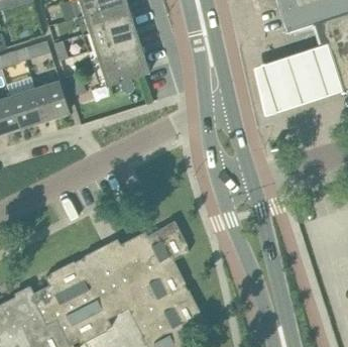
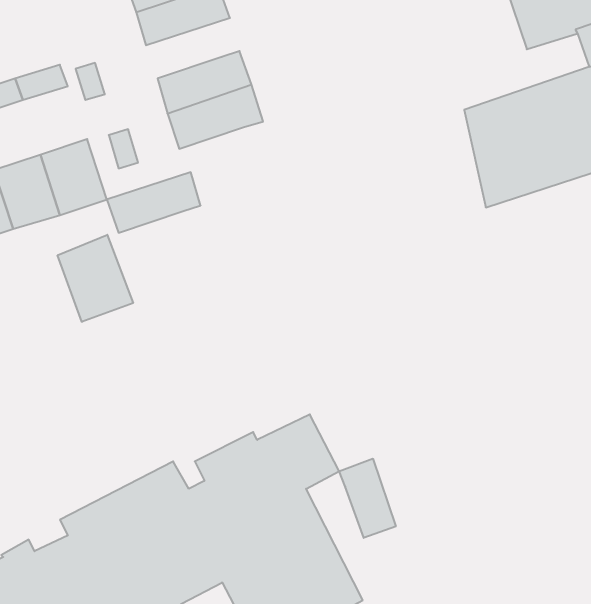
building: [89,18,137,49] -> [107,172,201,233]
building: none -> [58,235,133,322]
building: none -> [339,459,396,538]

